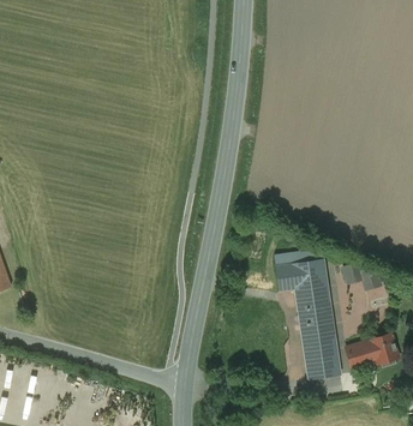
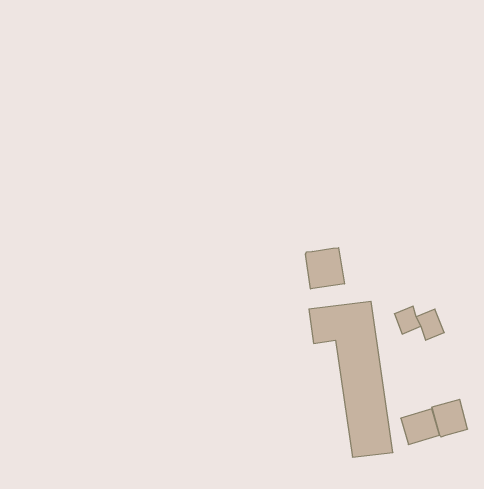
building: none -> [306,248,344,289]

